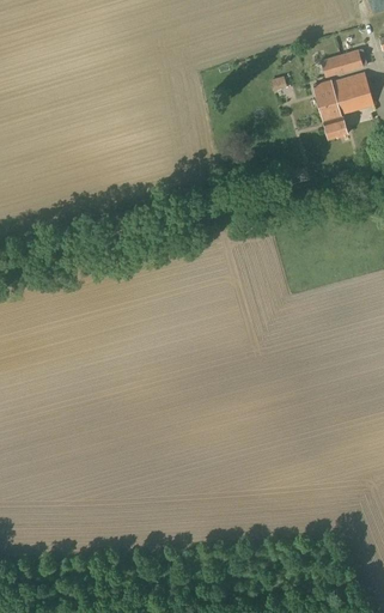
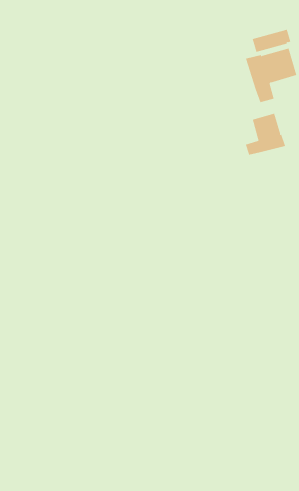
building: none -> [245,113,286,155]

